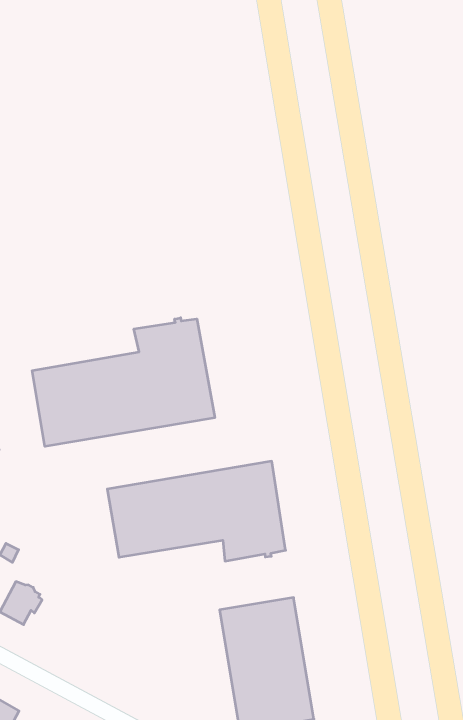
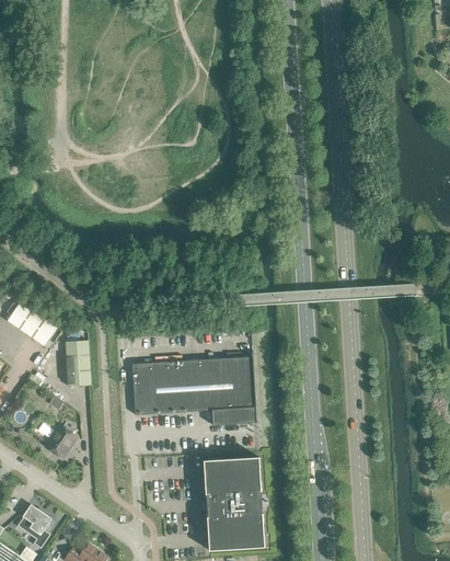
building: [32,318,215,446] -> none
building: none -> [65,340,90,386]

